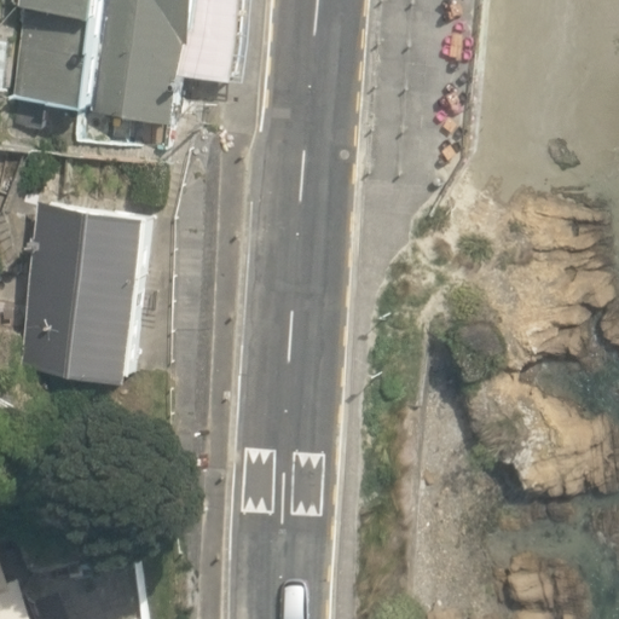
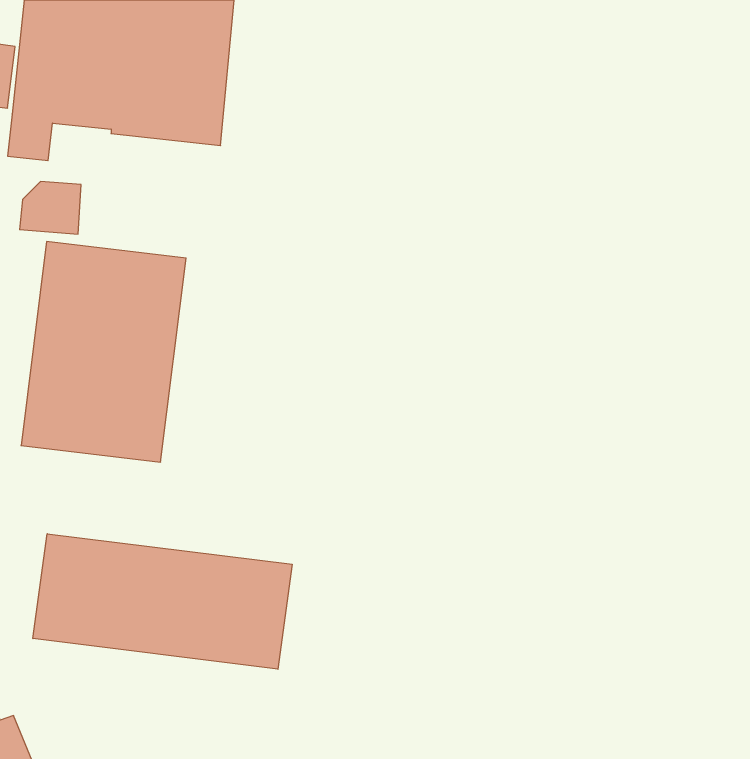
building: none -> [33,534,292,669]

